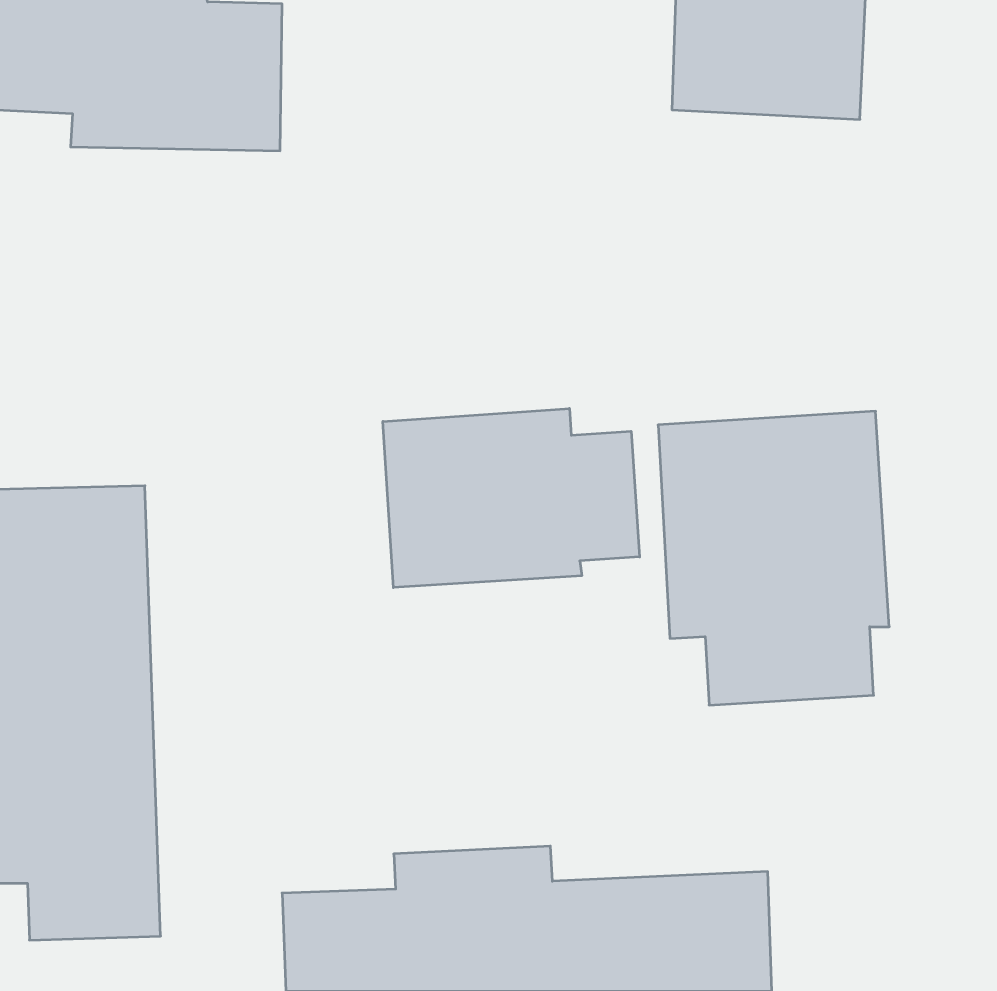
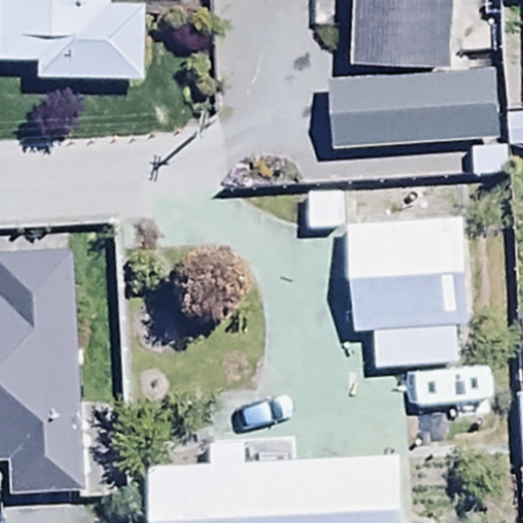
building: none -> [328,68,493,150]
building: [383,408,640,588] -> none

